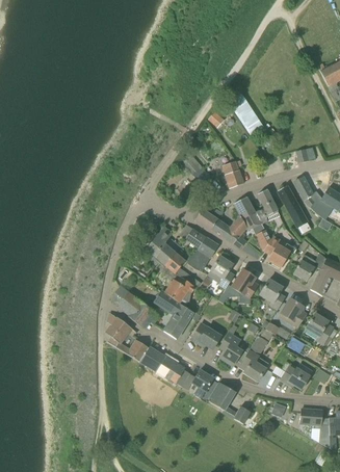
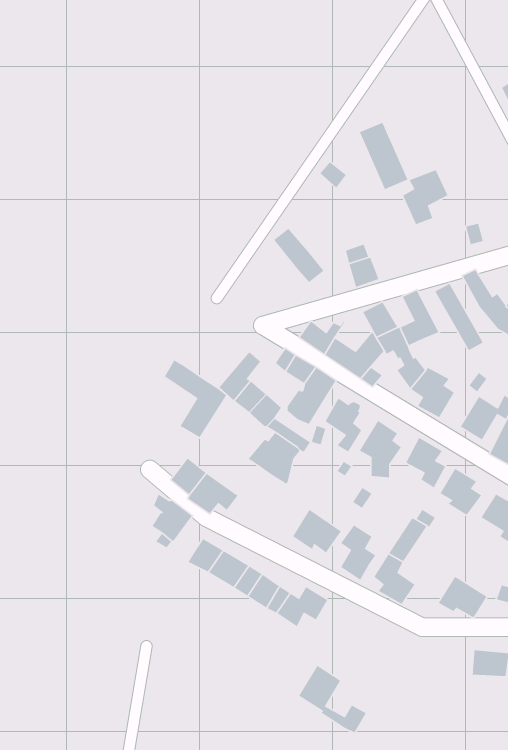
building: none -> [400,169,449,225]
building: [155,291,193,339] -> [164,359,227,438]
building: [209,383,251,424] -> [298,665,367,733]

